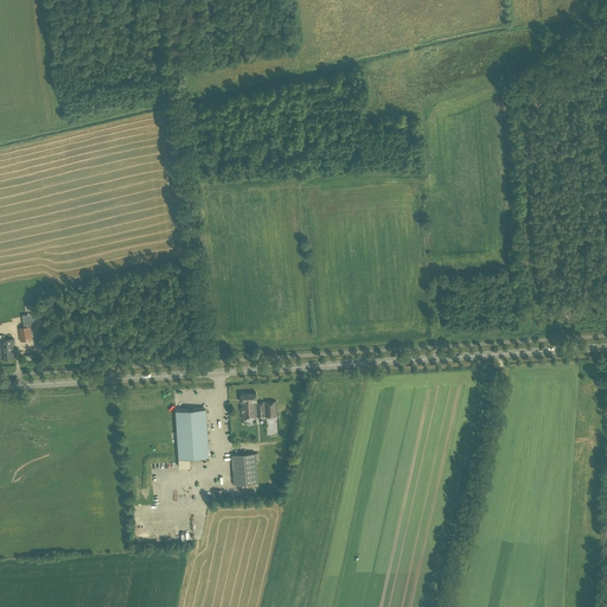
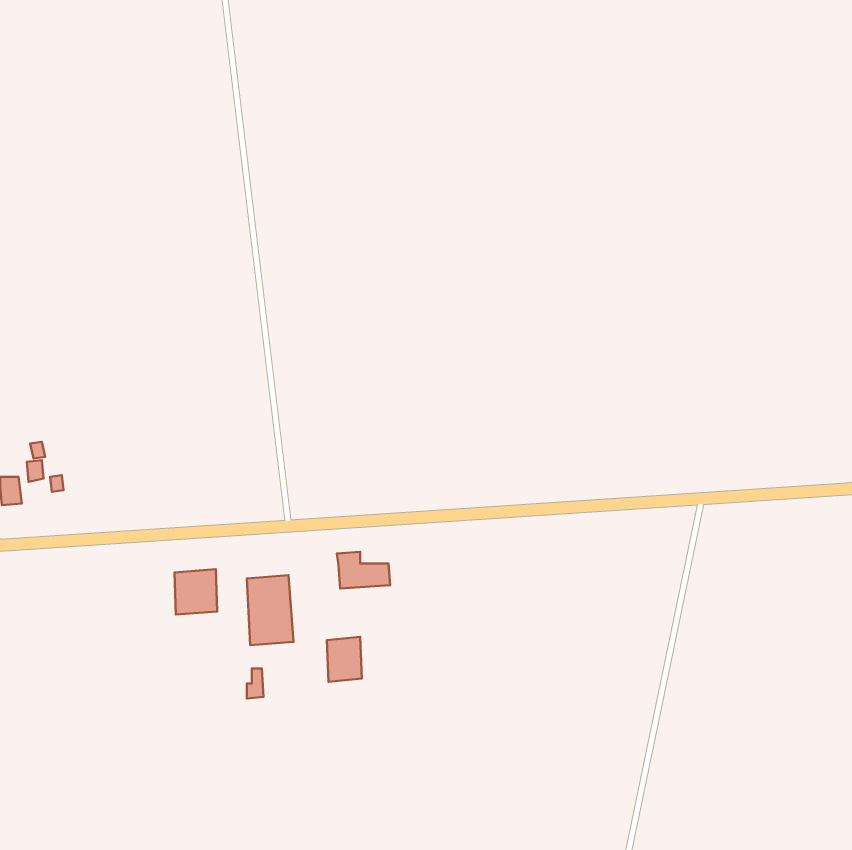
building: none -> [175,569,217,614]

